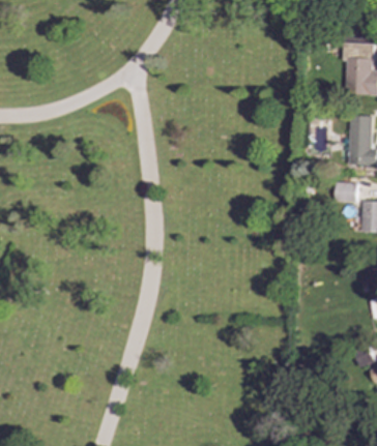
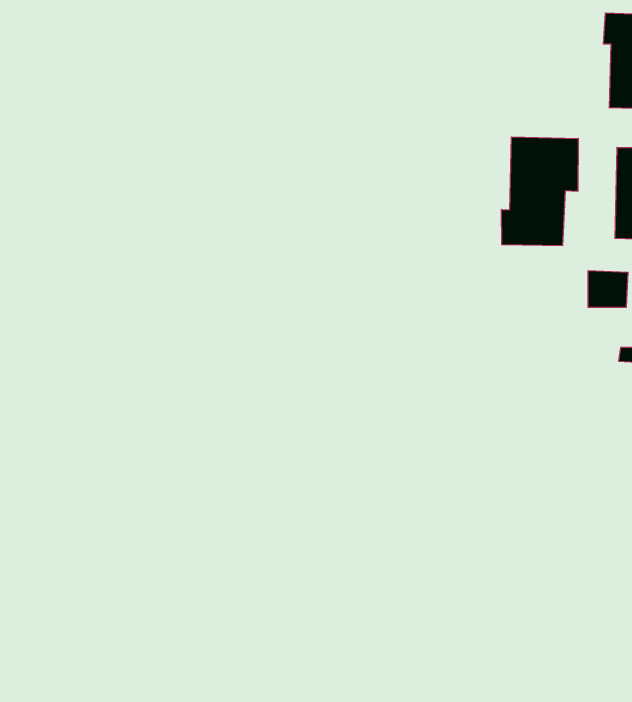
building: none -> [501,137,578,246]

